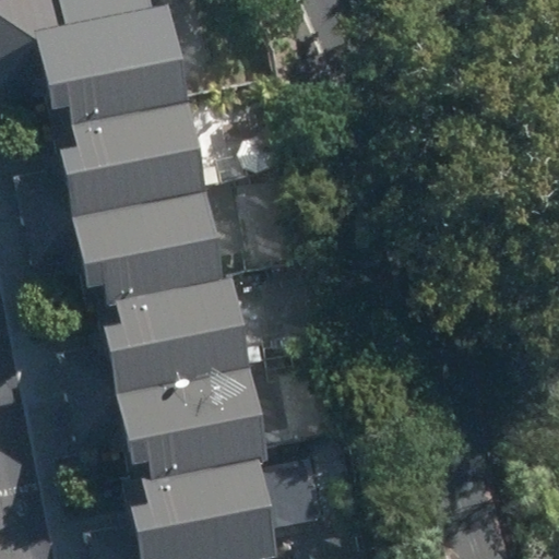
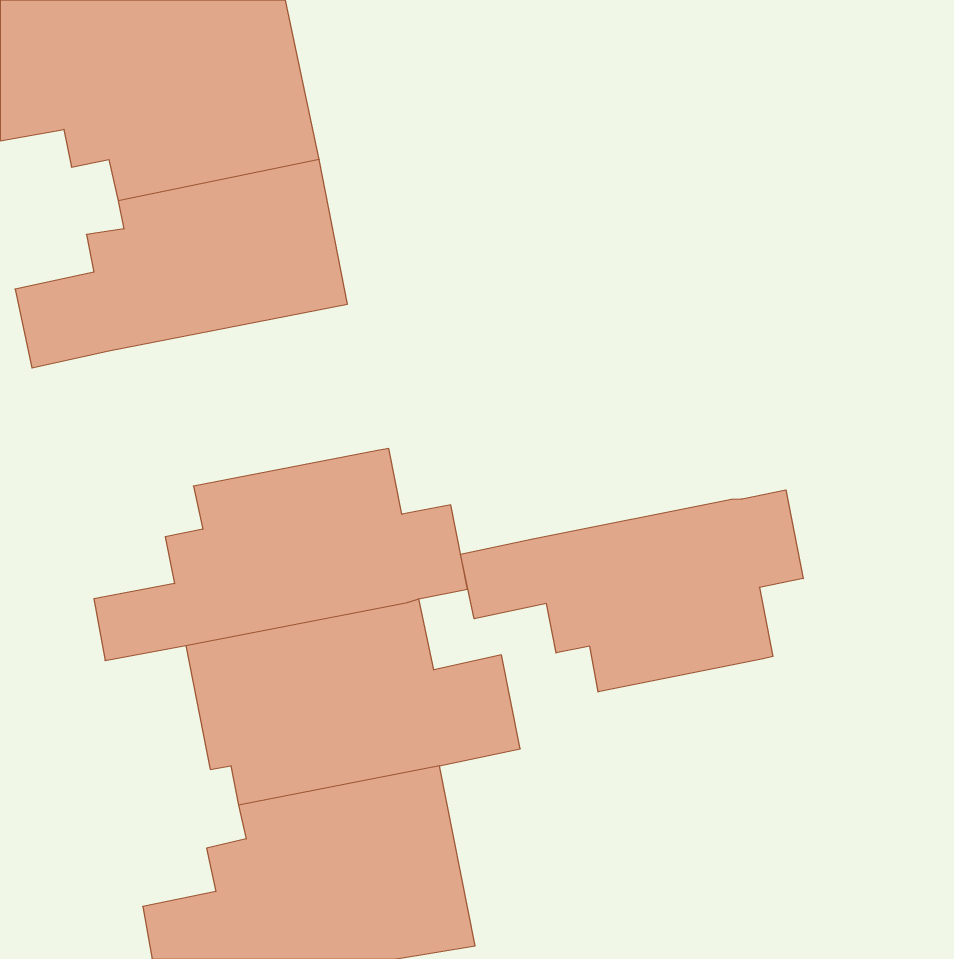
building: [67,177,223,289] -> none
building: none -> [461,490,803,692]

